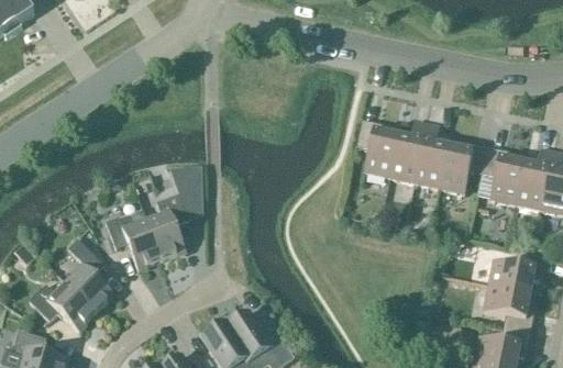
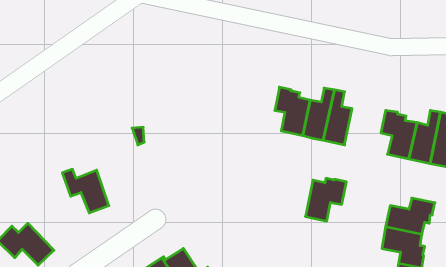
building: [439,143,487,193] -> [305,178,346,221]
building: [146,193,188,259] -> none
building: [65,238,113,312] -> none

